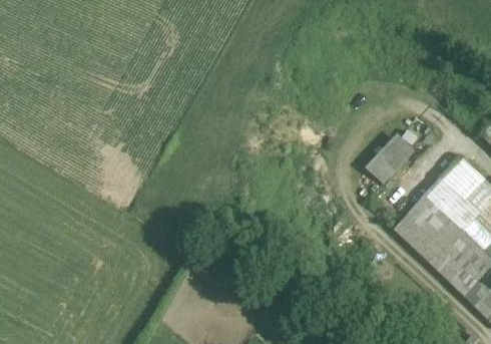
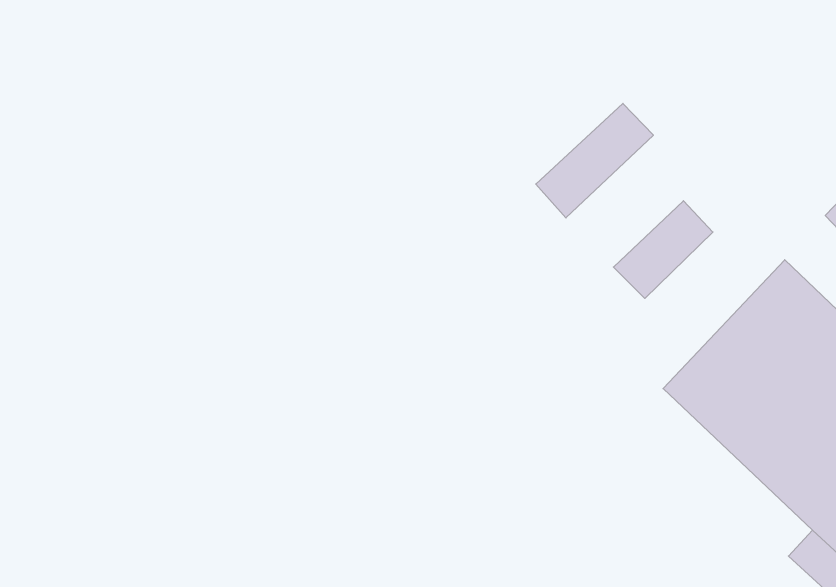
building: none -> [536,103,653,218]

